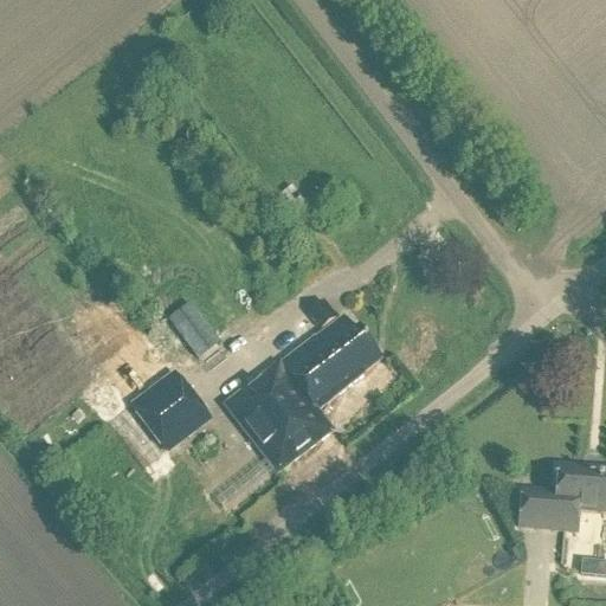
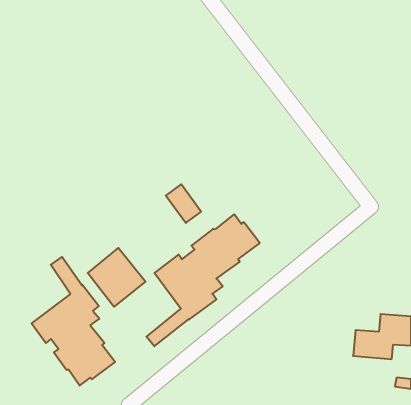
building: [168,298,220,355] -> [166,184,201,223]
building: none -> [32,257,115,386]

